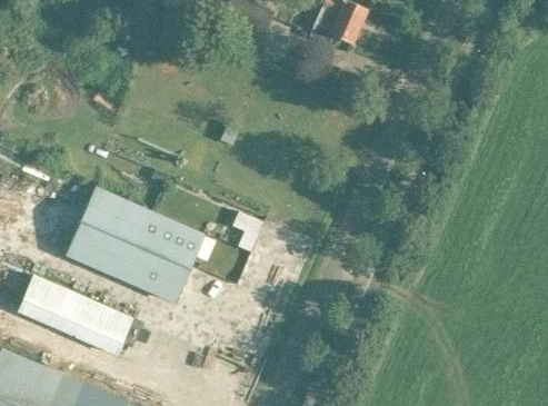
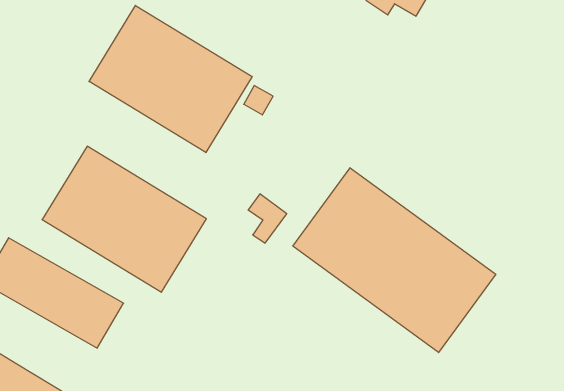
building: none -> [89,5,252,153]
building: none -> [293,168,496,353]

